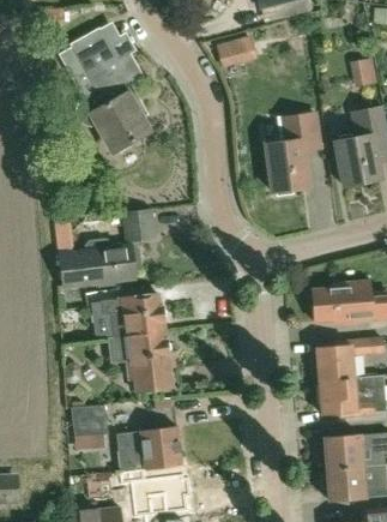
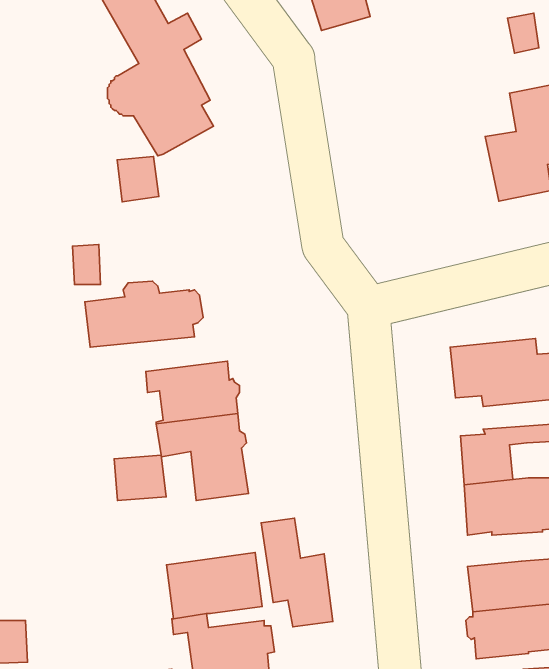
building: [266,113,320,196] -> none
building: [125,211,153,242] -> [117,156,159,202]
building: none -> [261,518,333,627]
building: [72,406,108,437] -> [114,455,166,500]

